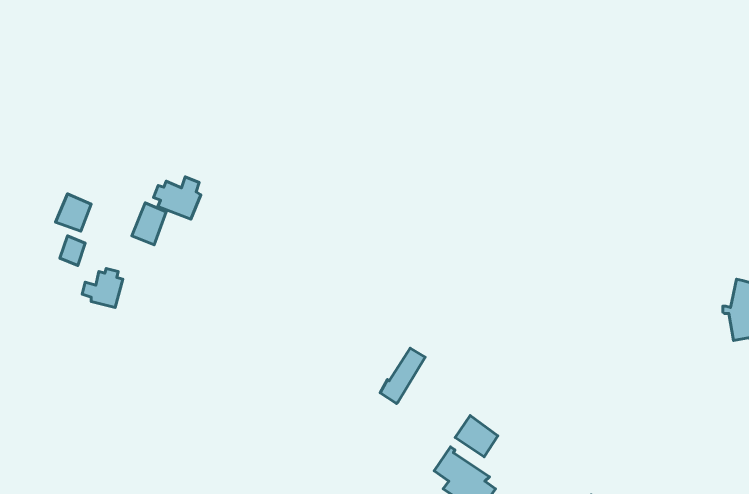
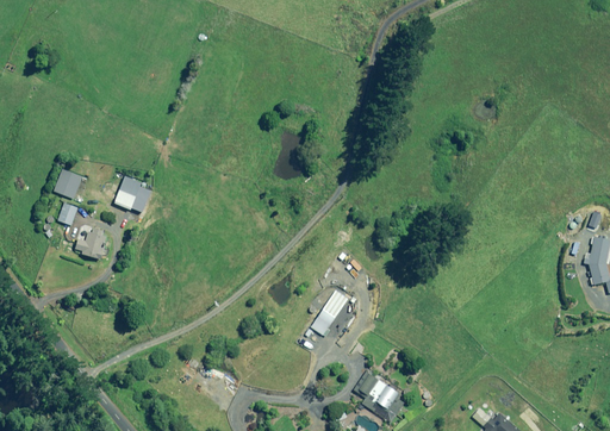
building: [153,177,201,219] -> none
building: [455,415,498,457] -> none

